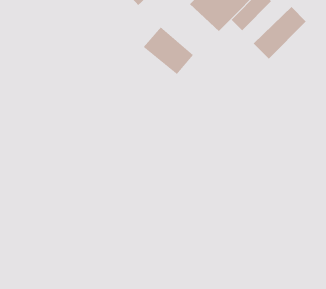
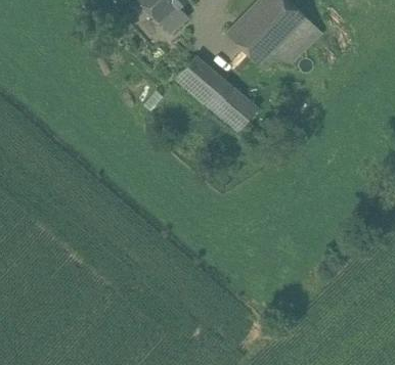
building: [253,6,307,59] -> none
building: none -> [214,88,257,130]

